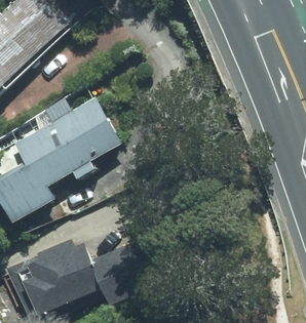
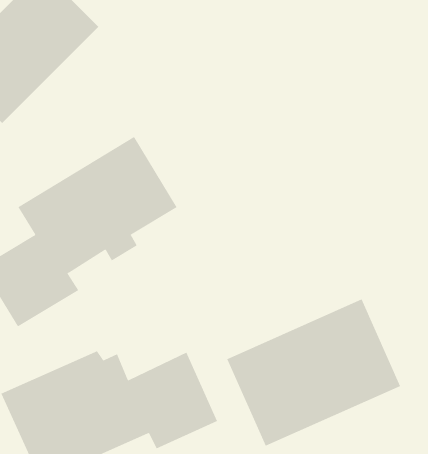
building: none -> [227,299,401,447]

